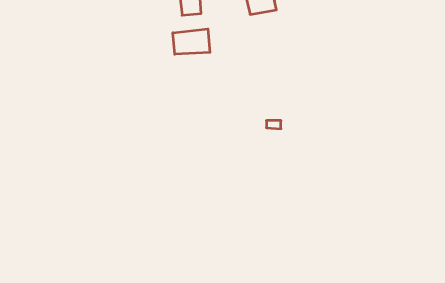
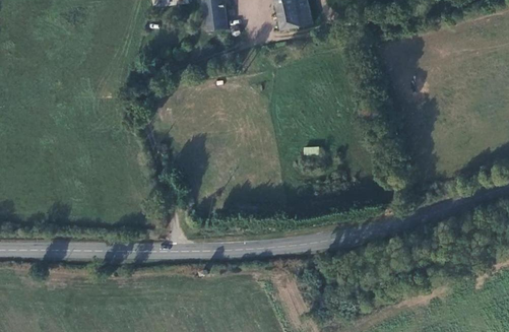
building: [173,29,210,54] -> none

